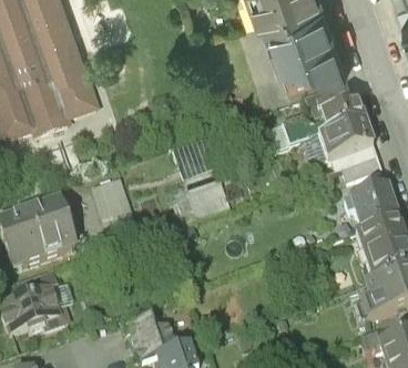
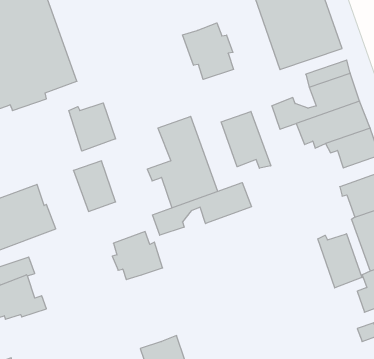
building: none -> [182,23,234,79]
building: none -> [69,103,116,151]
building: none -> [221,111,271,168]
building: none -> [152,183,252,235]
building: none -> [318,234,362,288]
building: [128,314,175,359] -> [112,232,163,280]

